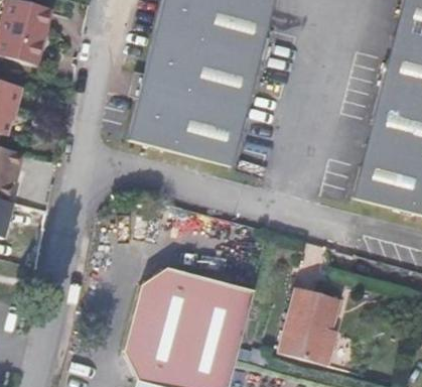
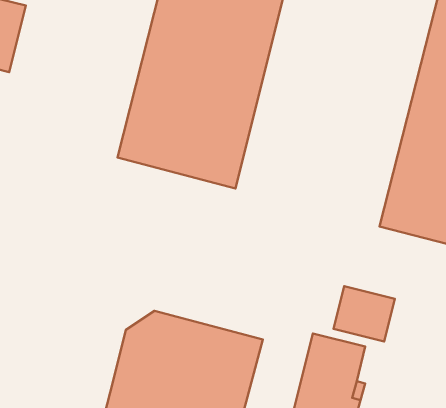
building: none -> [333,286,395,341]

